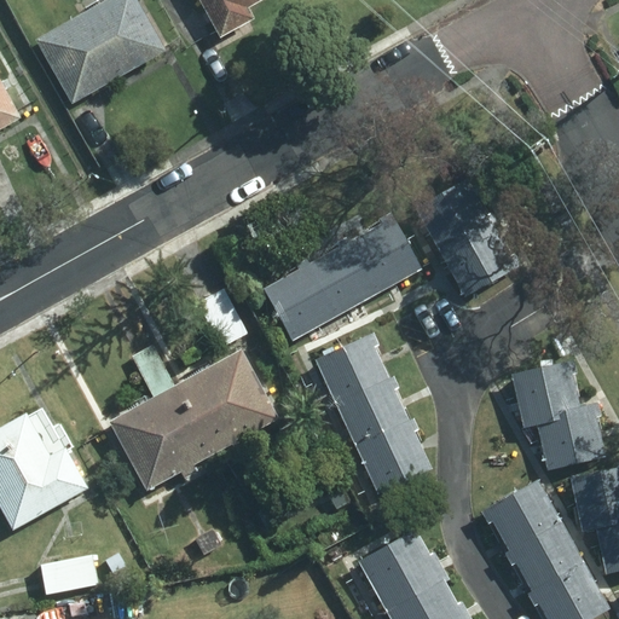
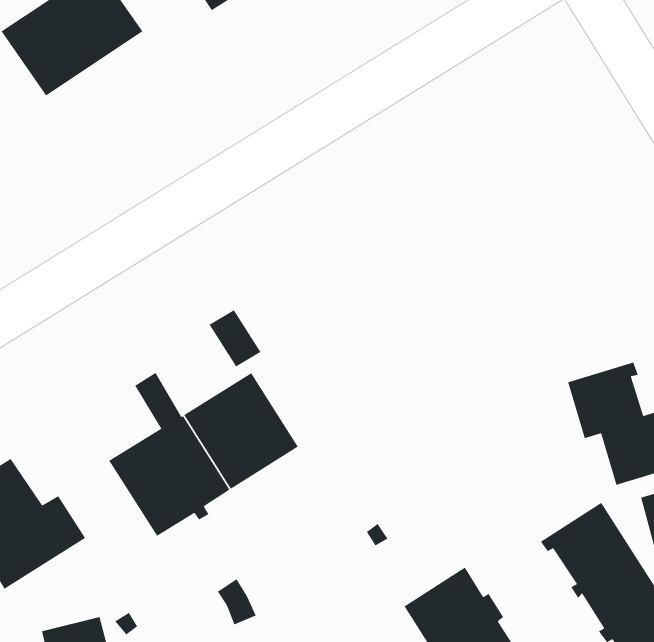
building: [417,179,520,293] -> none
building: [265,219,418,340] -> none
building: [317,334,430,493] -> none

